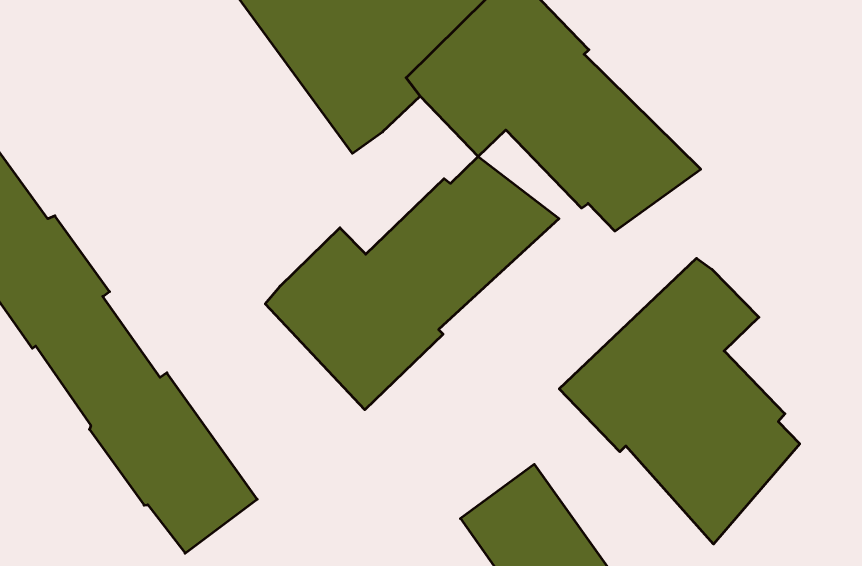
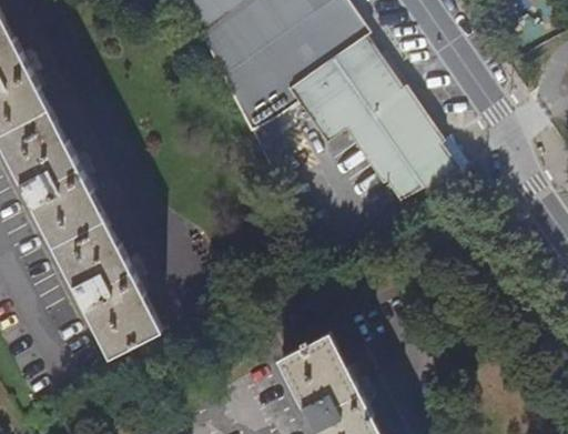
building: [265,157,559,410] -> none
building: [559,258,800,544] -> none

